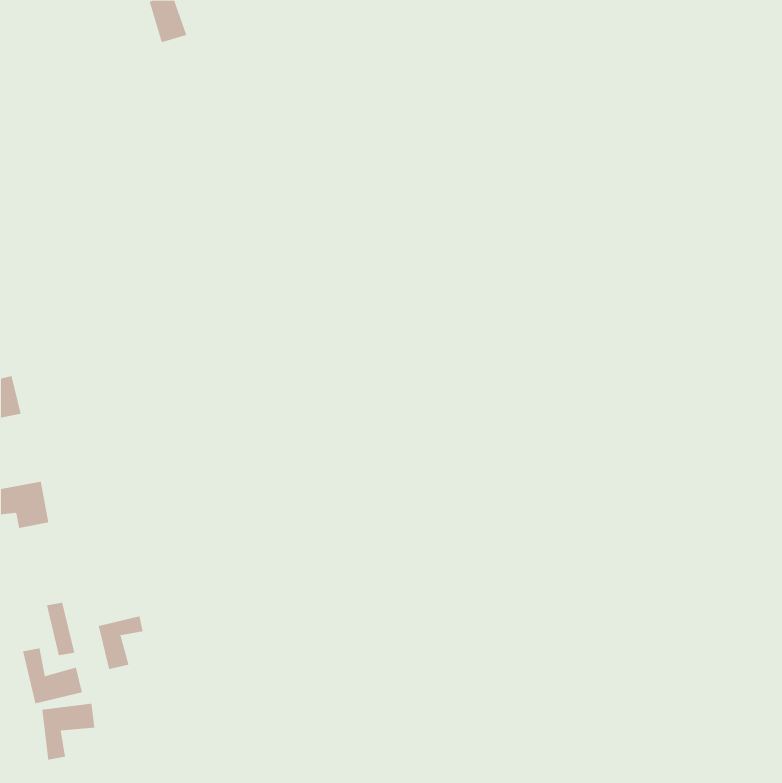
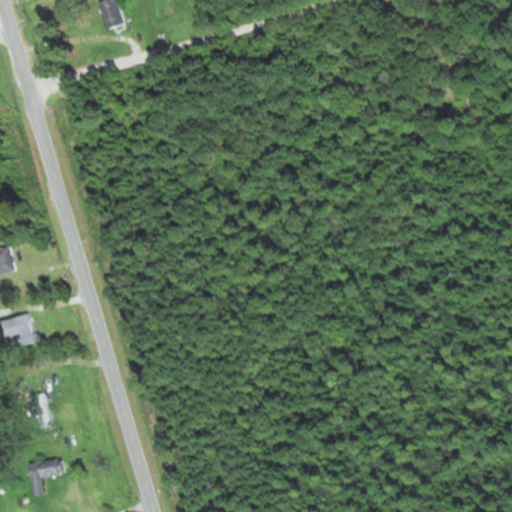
building: [98,615,143,670] -> none
building: [22,648,82,704] -> none

